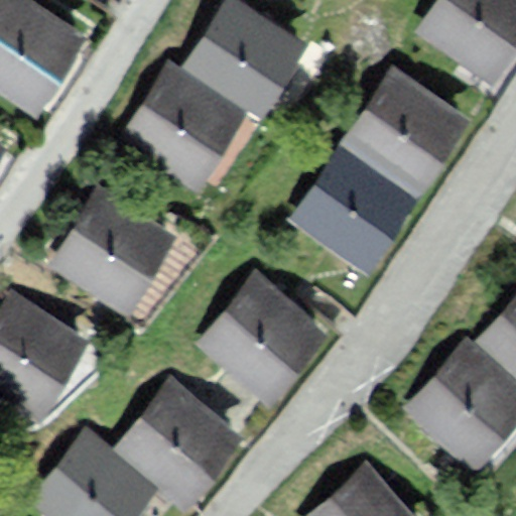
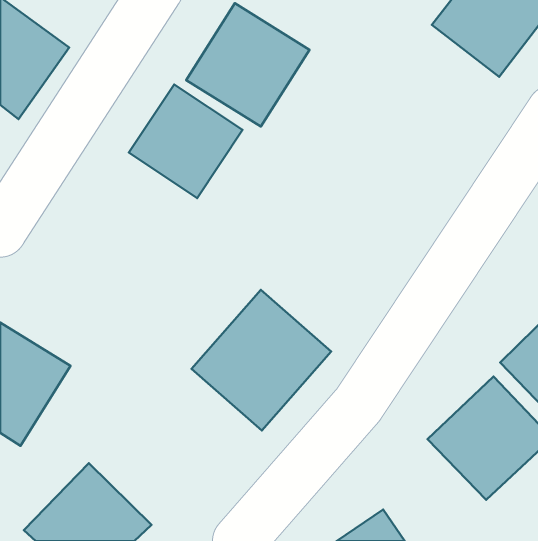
building: [346,74,463,191] -> none
building: [293,155,406,266] -> none
building: [51,195,164,308] -> none
building: [118,384,235,500] -> none

